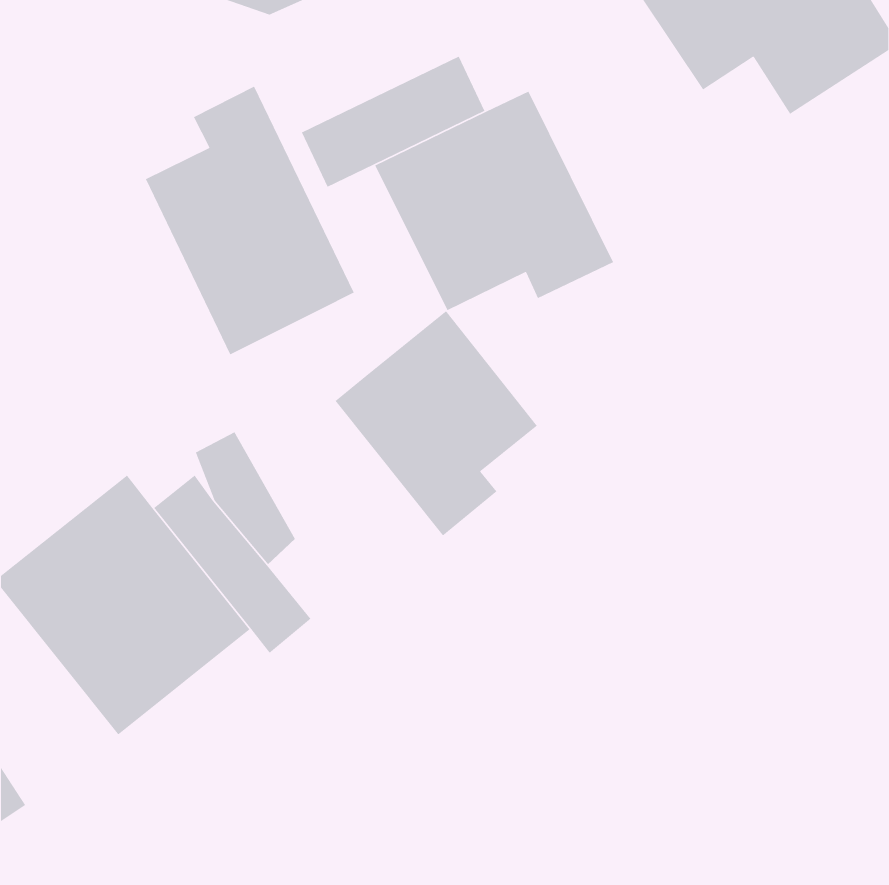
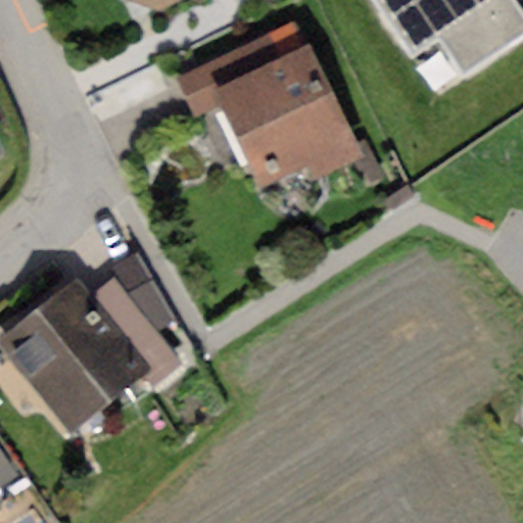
building: [145,85,355,355] -> none
building: [335,310,538,536] -> none

